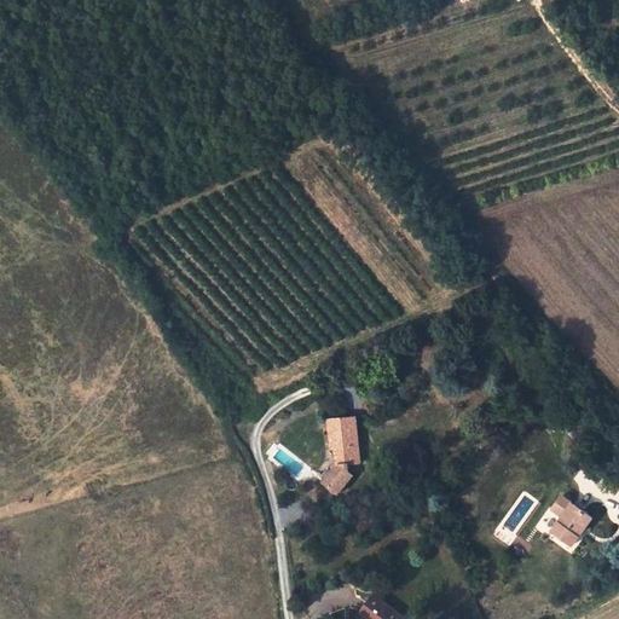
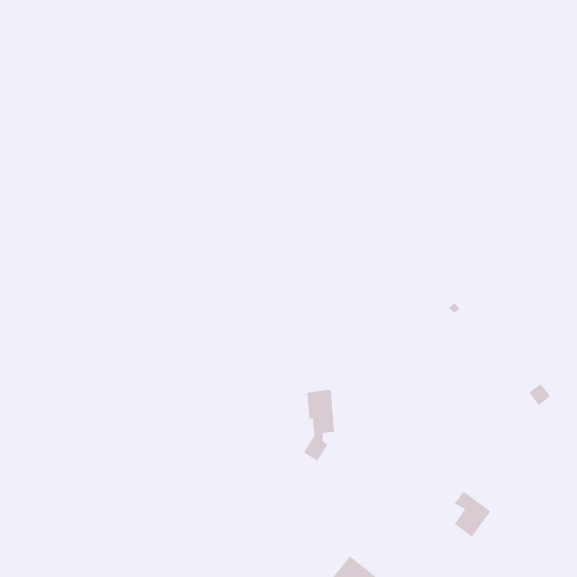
building: [551,497,591,546] -> [454,491,491,537]

